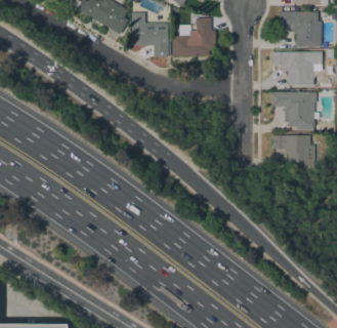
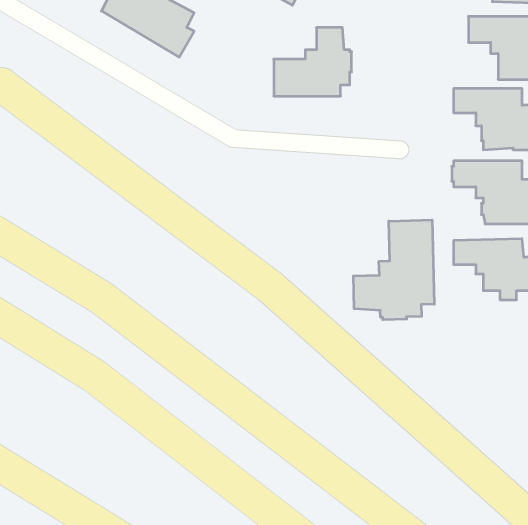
building: [131,18,168,56] -> none
building: none -> [353,220,434,320]

